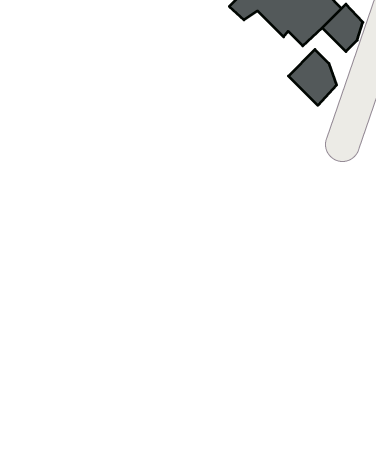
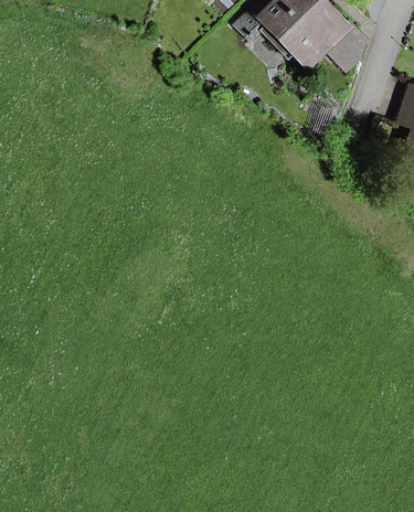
building: [288,49,337,105] -> none

